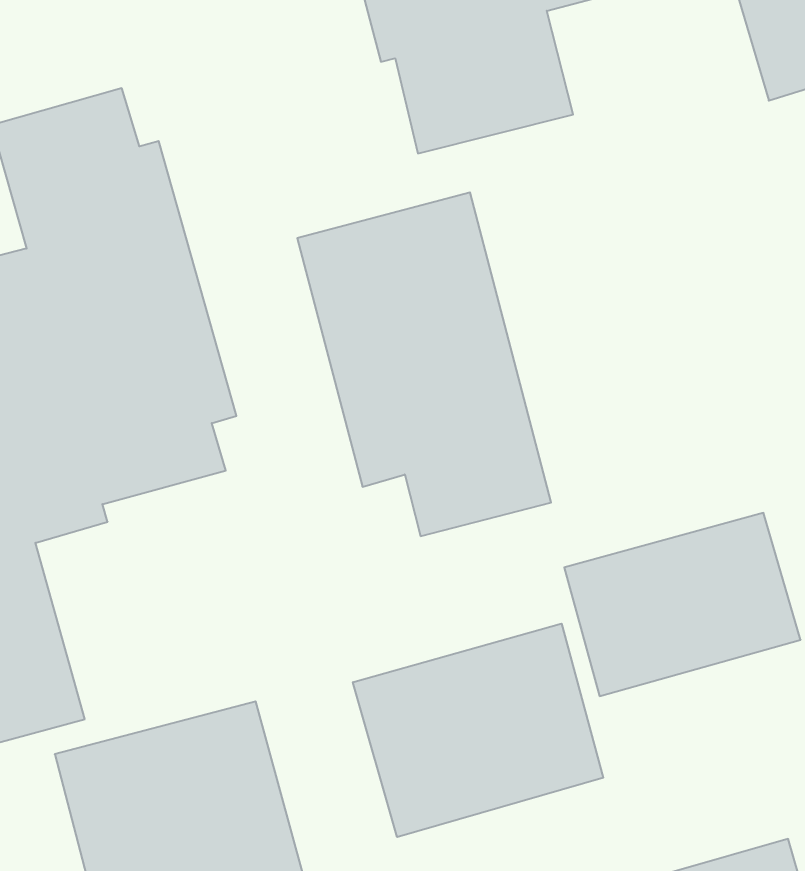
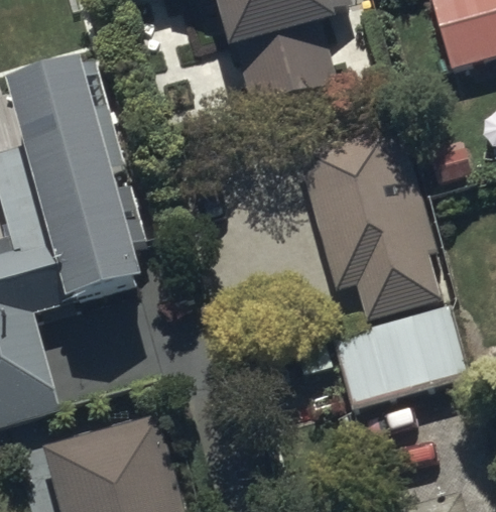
building: [297,192,551,536] -> [297,121,443,317]
building: [353,624,603,837] -> none

